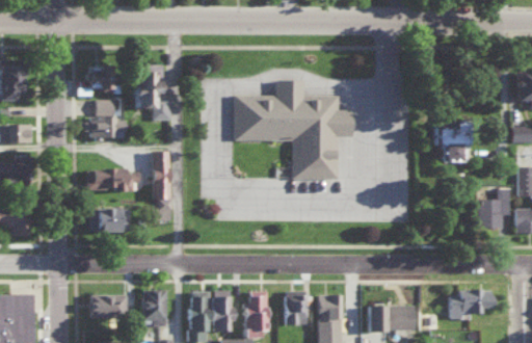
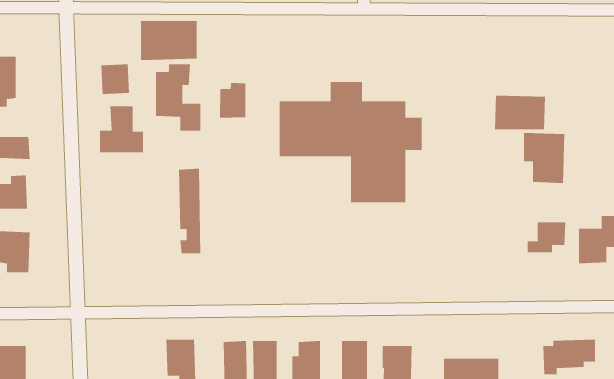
building: none -> [141,20,197,61]
building: none -> [220,82,246,119]
building: none -> [495,95,545,130]
building: [87,168,140,191] -> none
building: none -> [527,221,566,253]
building: [91,208,131,233] -> none
building: [90,295,127,318] -> none

